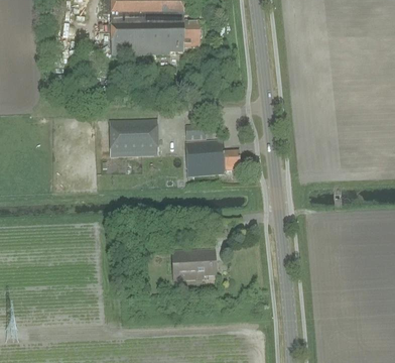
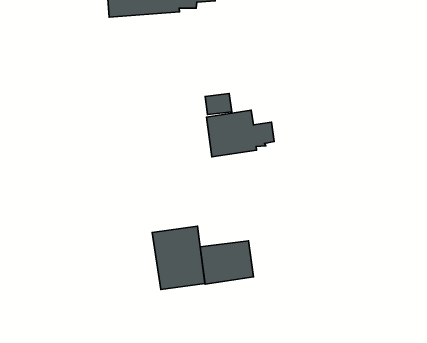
building: [110,119,157,155] -> none
building: none -> [152,226,205,290]

